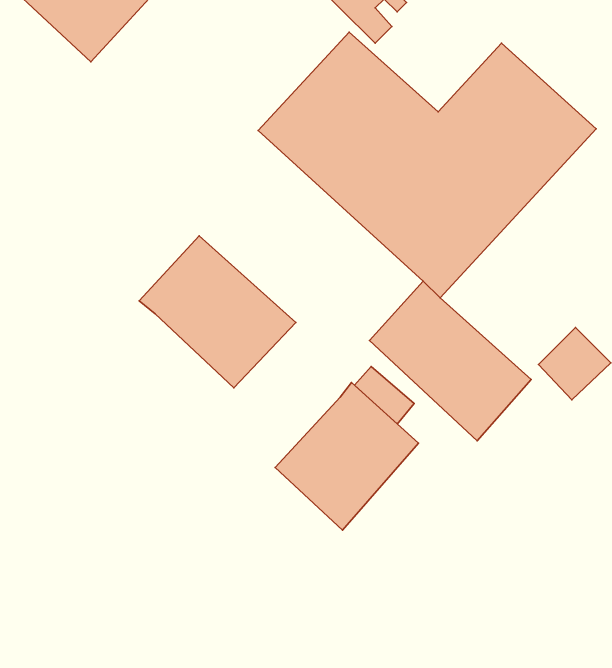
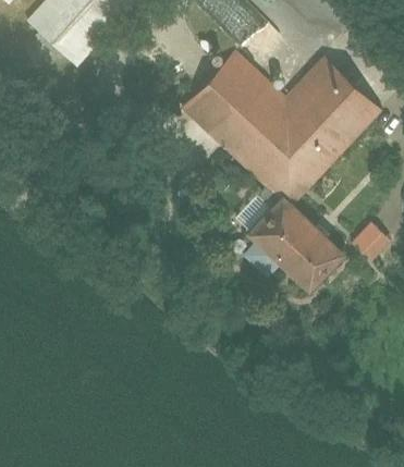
building: [139,236,296,388] -> none
building: [275,383,419,530] -> none

